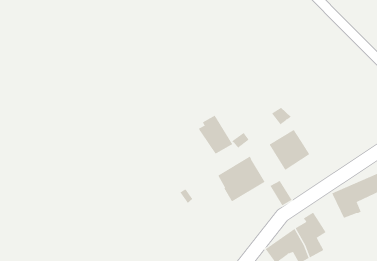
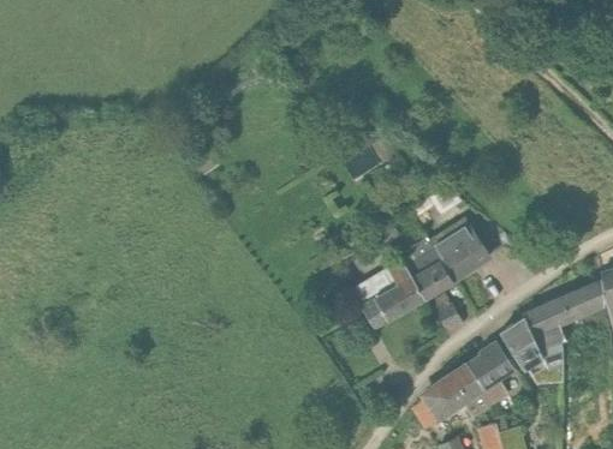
building: [198,115,233,155] -> [401,239,453,298]
building: none -> [500,317,564,384]

